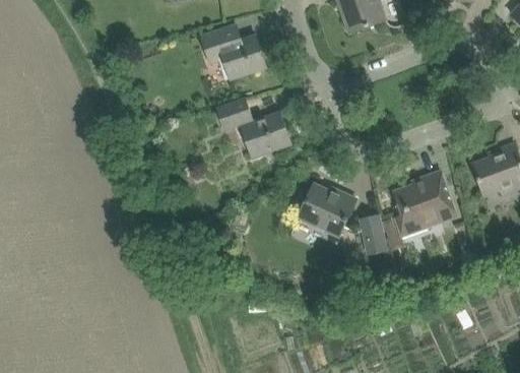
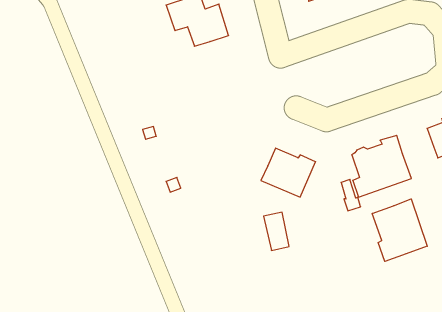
building: [216,99,291,159] -> none
building: [360,215,386,255] -> [264,212,289,250]
building: none -> [372,199,427,261]

